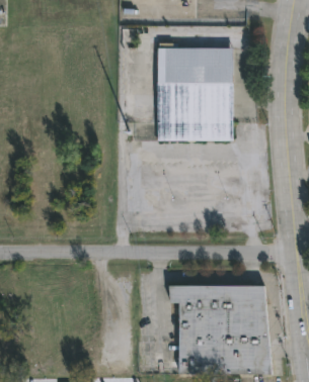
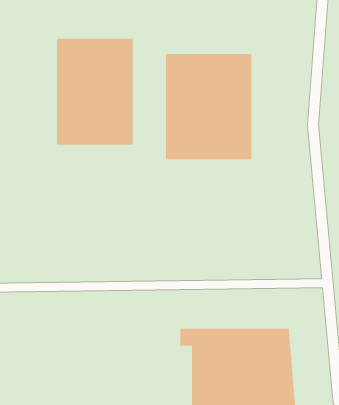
building: none -> [56,38,134,146]

